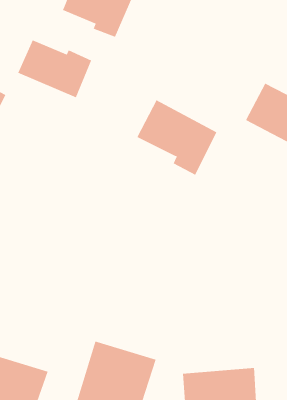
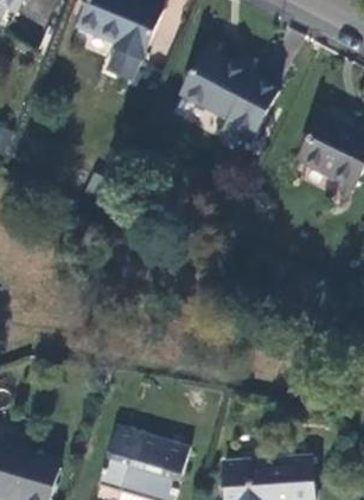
building: [17,39,92,98] -> none
building: [137,100,217,175] -> [180,51,277,142]

